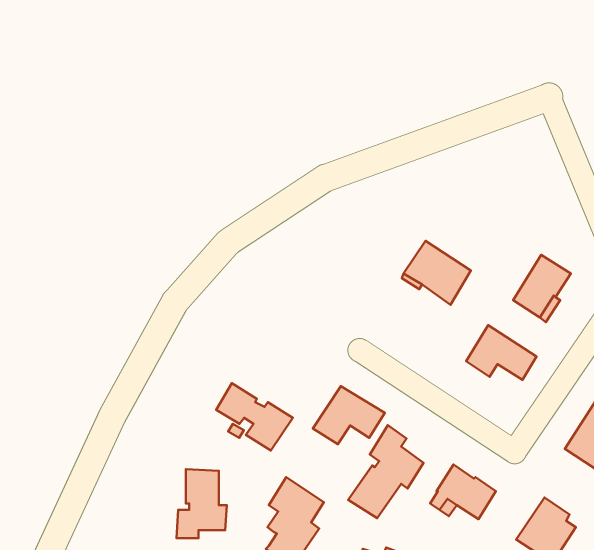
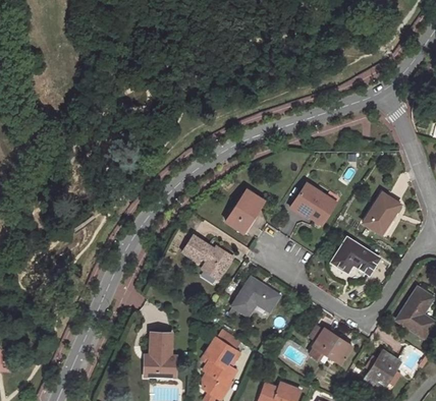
building: none -> [226,188,264,231]
building: [216,383,293,451] -> [182,234,232,278]
building: [348,425,424,518] -> none

